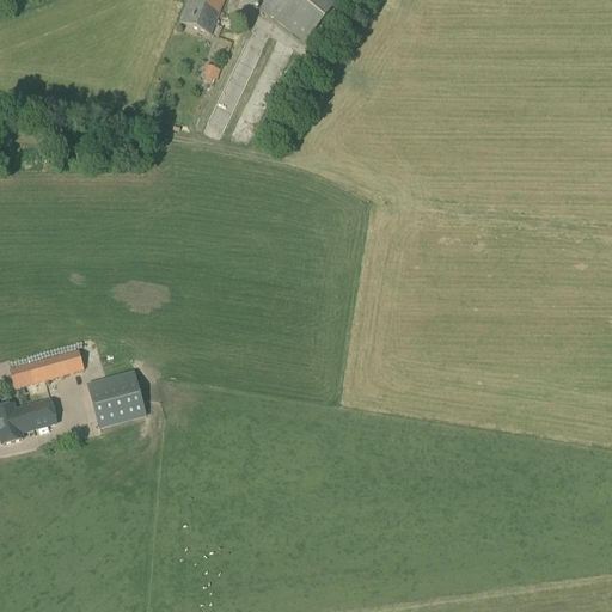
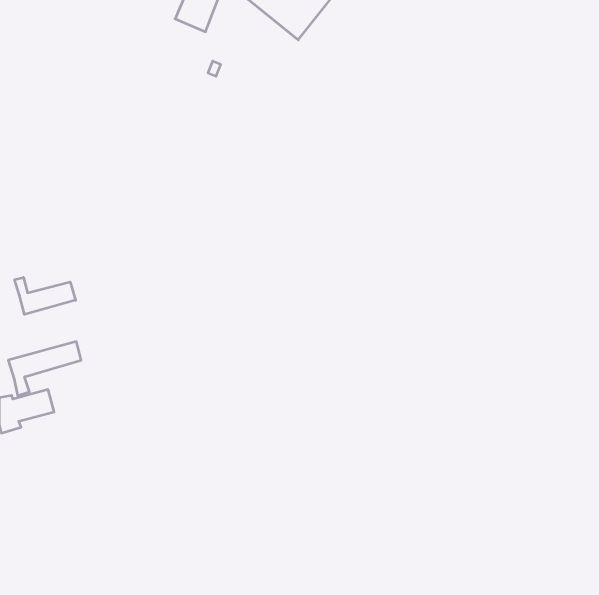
building: none -> [15,277,76,314]
building: [88,379,146,427] -> none

